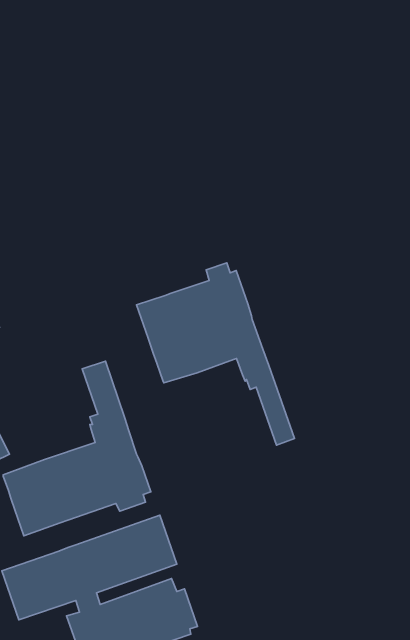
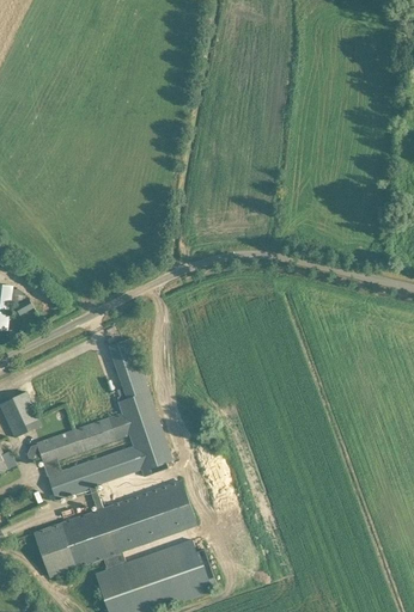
building: [137,263,295,445] -> none

